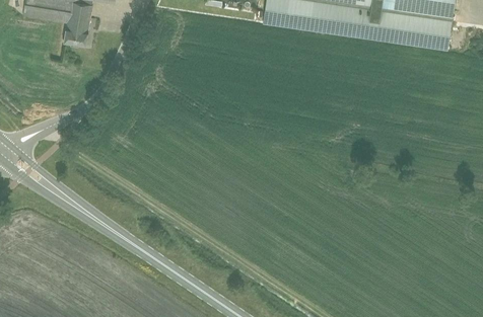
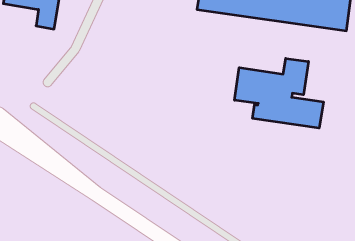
building: none -> [235,58,323,128]

